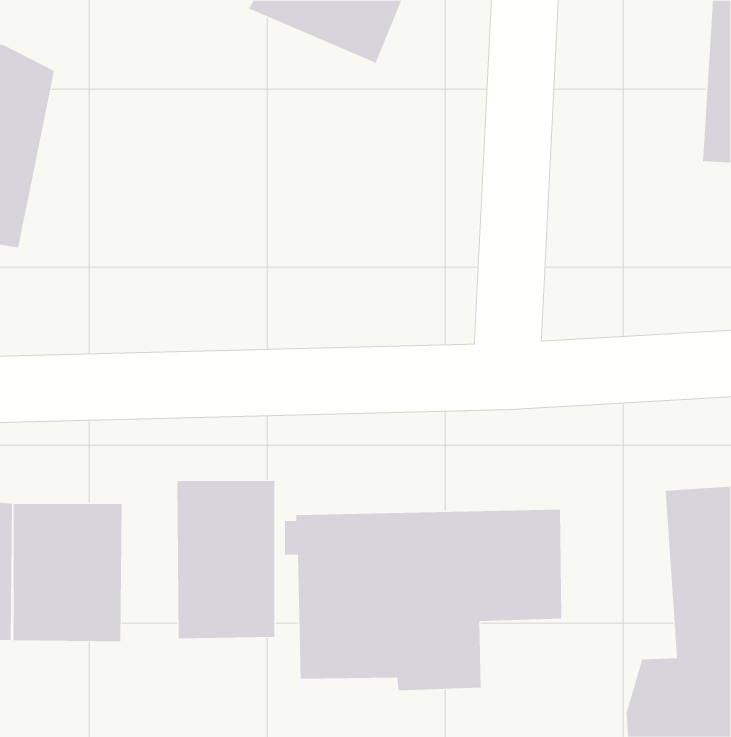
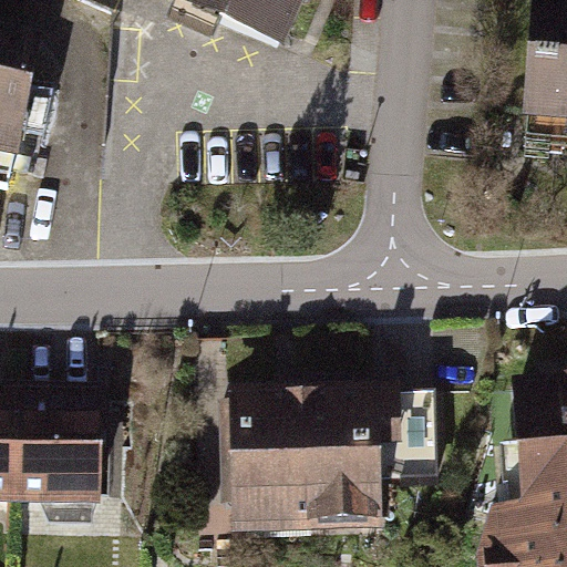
building: [177,480,275,639] -> none

